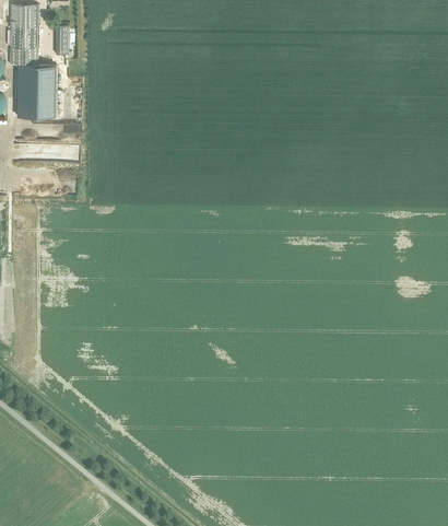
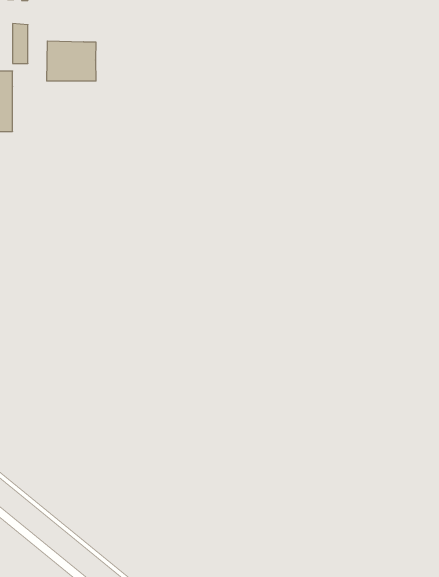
building: none -> [47,41,96,81]

